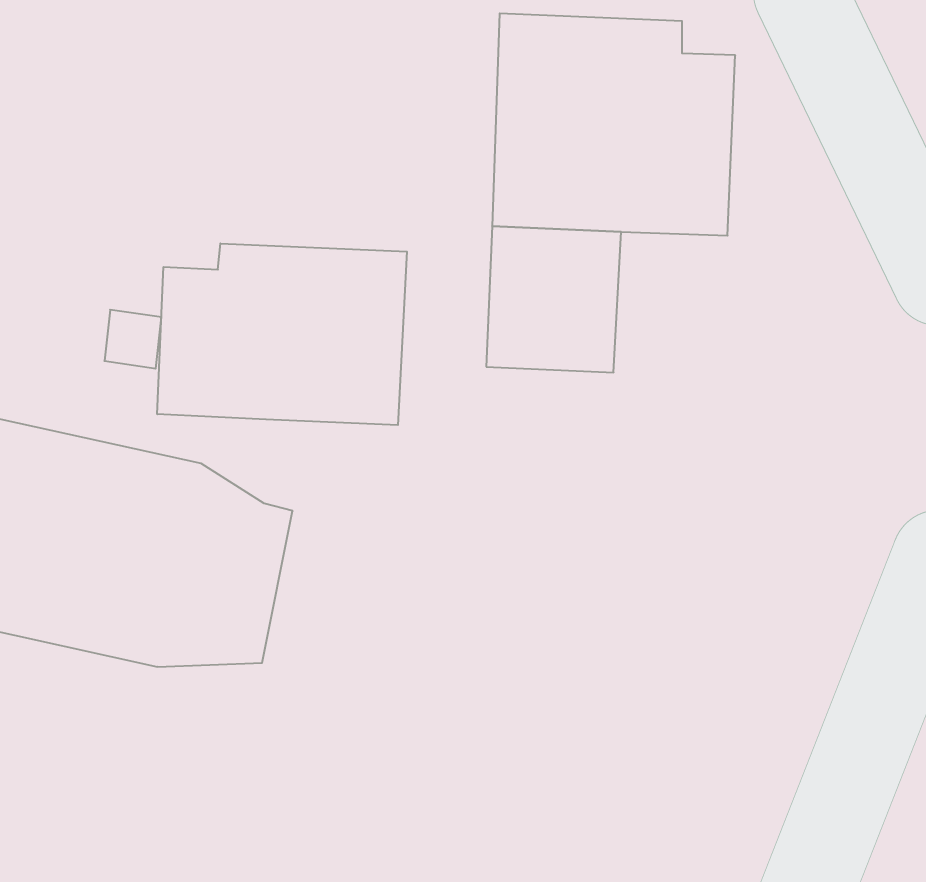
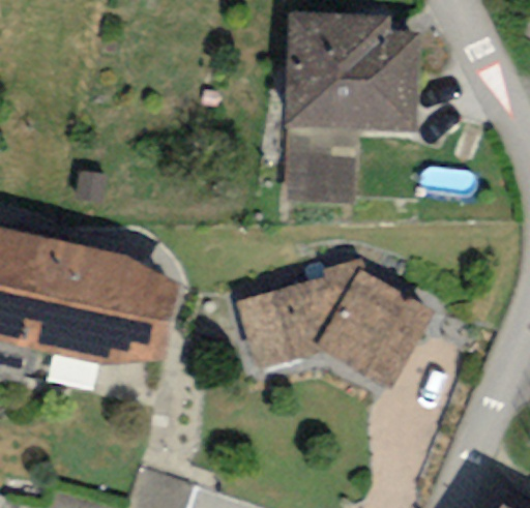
building: [157,243,407,425] -> none
building: none -> [234,259,433,389]

